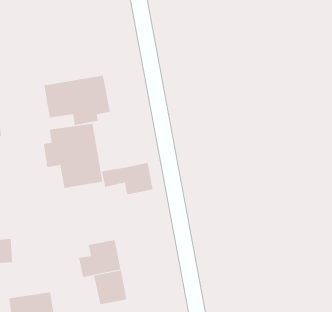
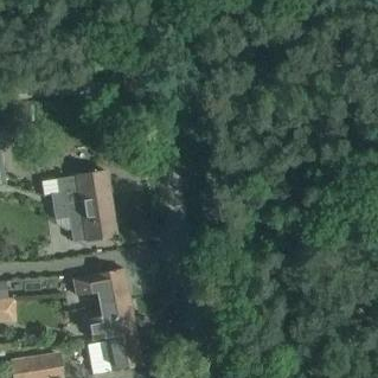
building: [44,75,110,126] -> none
building: [101,162,154,195] -> [71,267,128,302]

